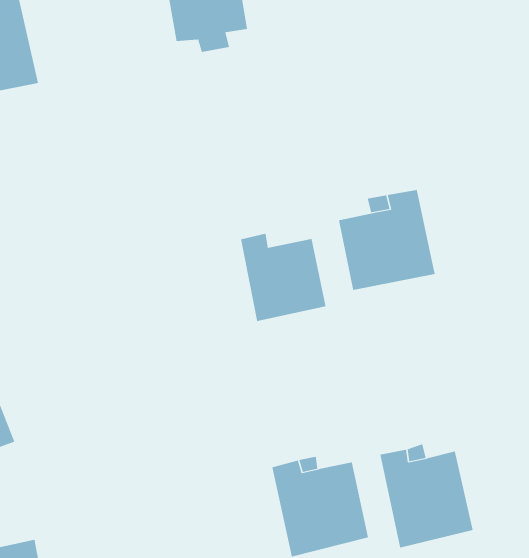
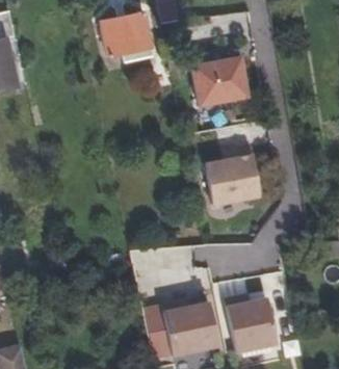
building: none -> [191,57,249,109]
building: [240,233,326,322] -> none

